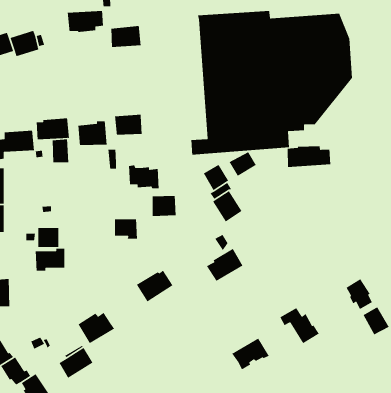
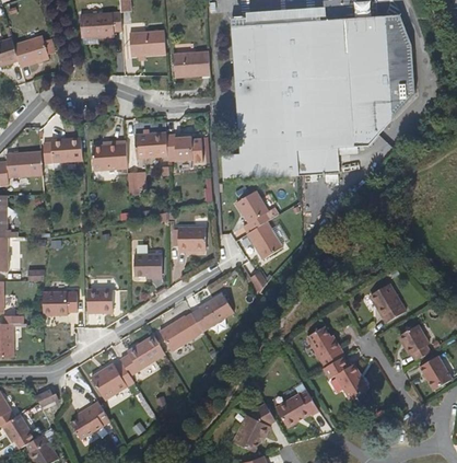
building: none -> [173,50,210,77]
building: [52,139,69,163] -> none
building: [287,145,331,168] -> none
building: [228,151,257,177] -> none
building: [128,165,159,189] -> [165,134,201,162]
building: [38,227,59,248] -> [86,289,112,313]
building: none -> [371,283,407,322]
building: [206,248,244,282] -> [190,292,234,332]
building: none -> [307,325,345,368]
building: none -> [119,335,165,375]
building: none -> [236,404,277,451]

